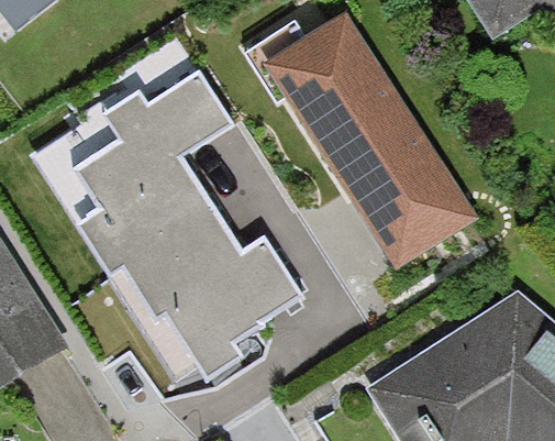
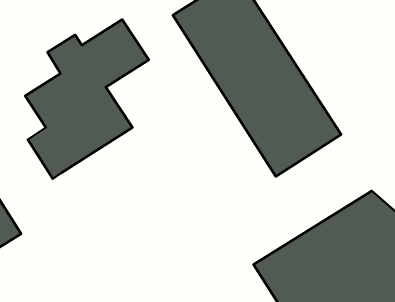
building: [121,209,302,379] -> none

